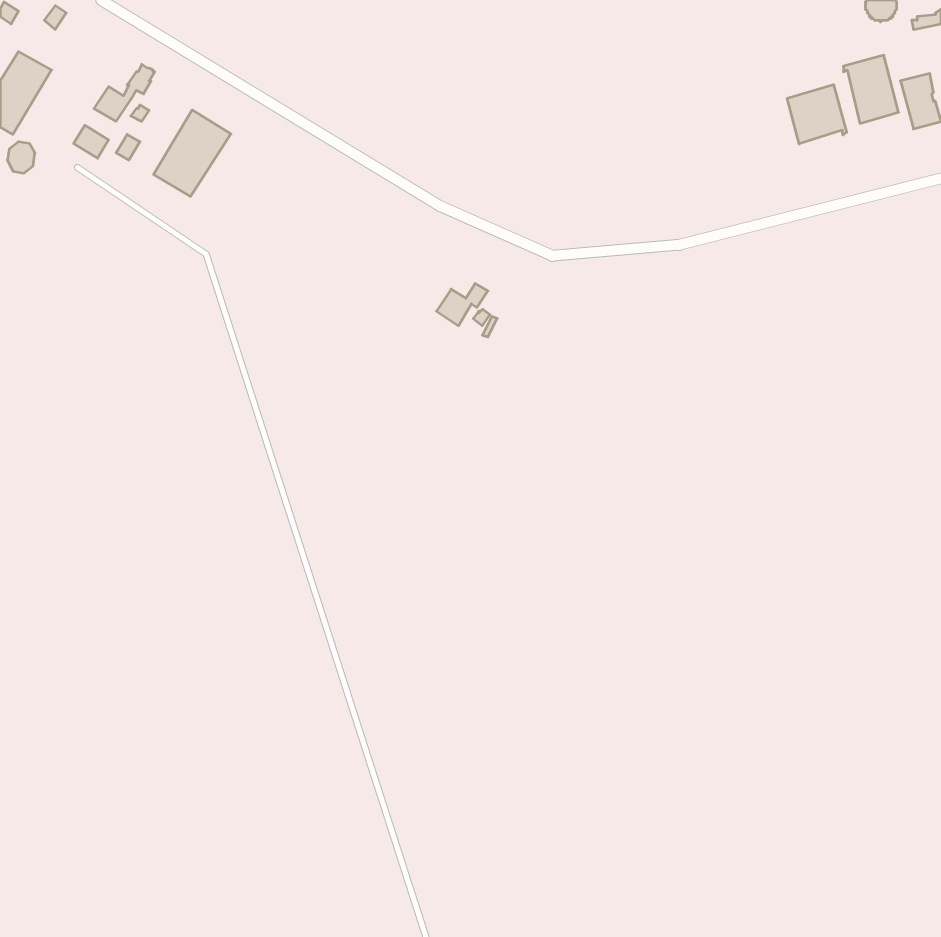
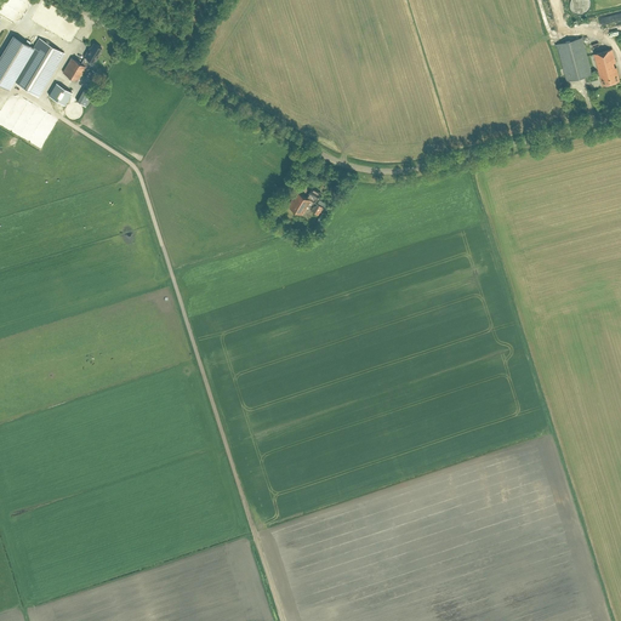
building: [787,85,847,144] -> none
building: [154,110,231,196] -> [13,40,64,97]

